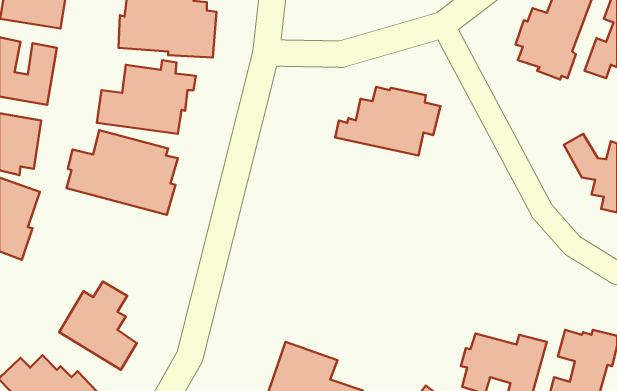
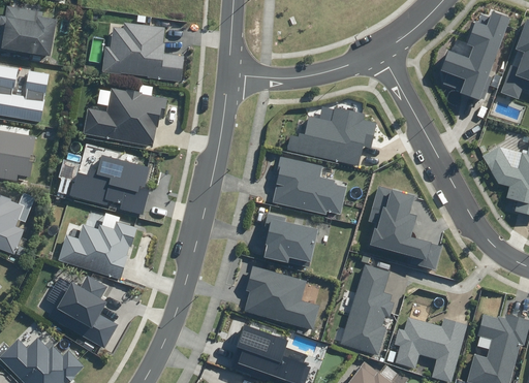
building: none -> [272,156,346,215]
building: none -> [368,186,441,269]
building: none -> [57,209,137,281]
building: none -> [262,214,317,268]
building: none -> [339,264,394,355]
building: none -> [243,265,319,330]

